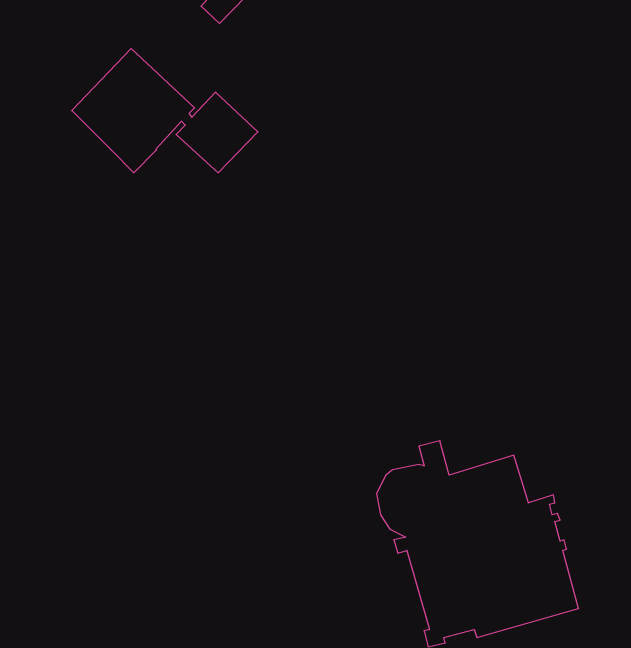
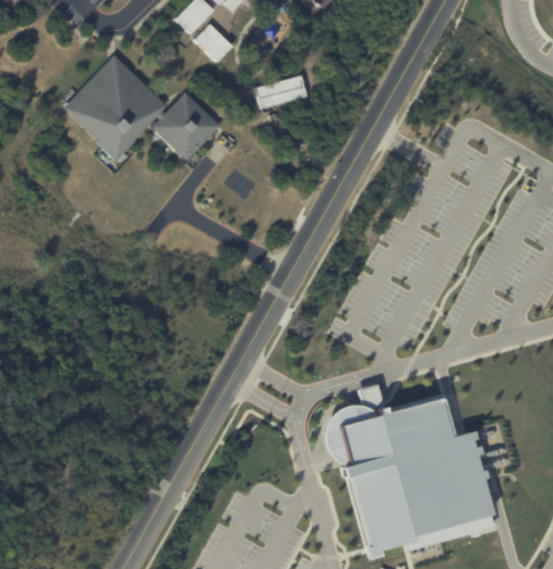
building: none -> [193,22,231,61]
building: none -> [254,74,306,108]

